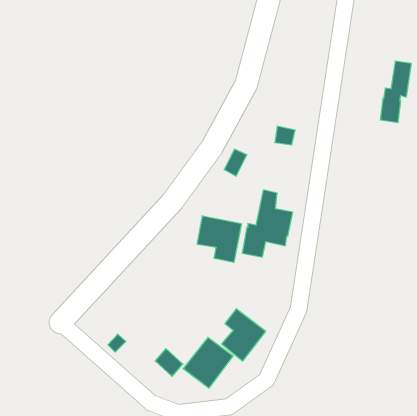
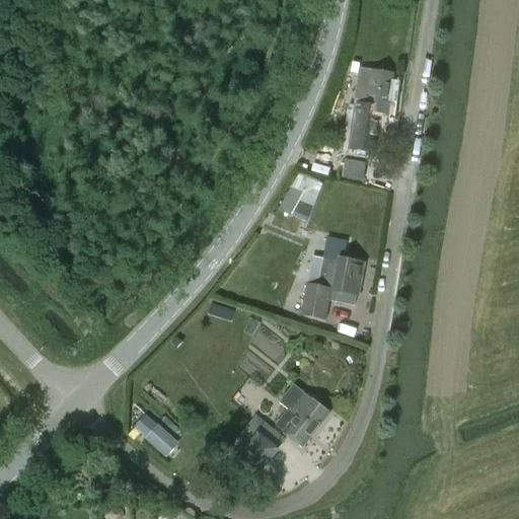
building: [380,61,411,122] -> [354,69,392,145]
building: [197,216,241,262] -> none
building: [155,349,183,376] -> [144,422,178,456]

